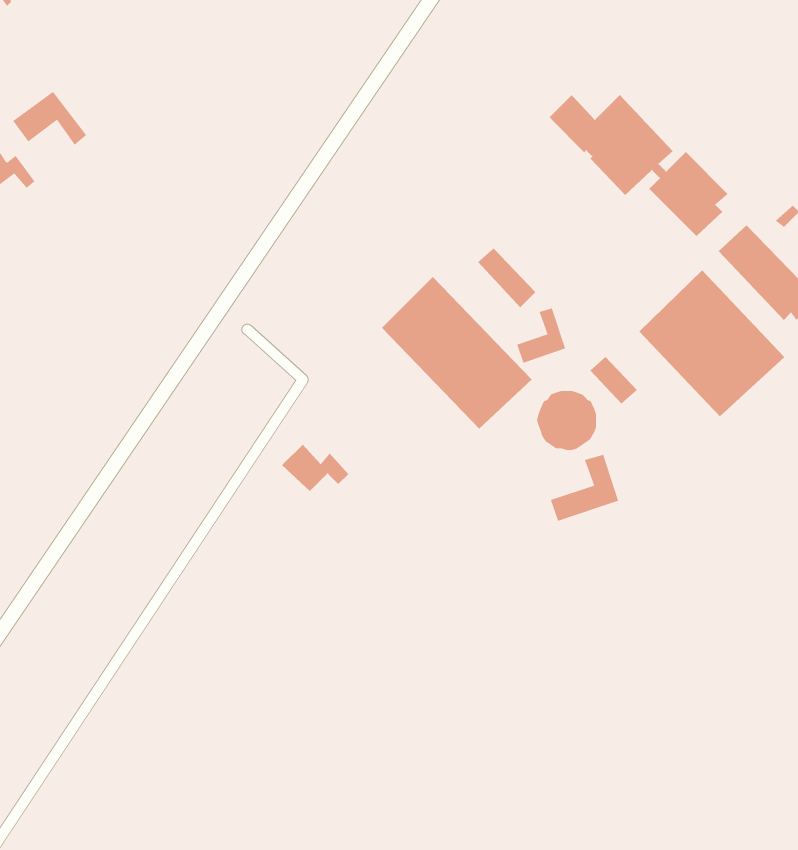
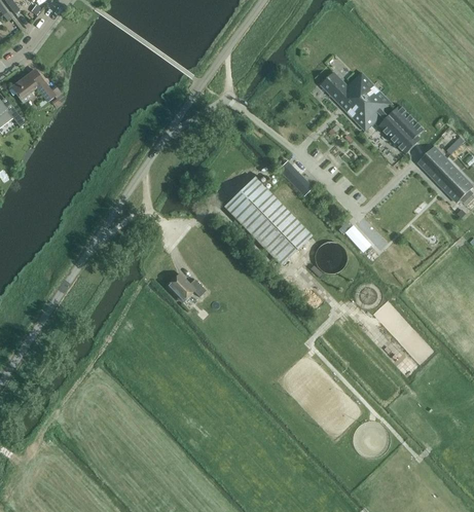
building: [639,270,785,417] -> none
building: [516,308,566,364] -> none
building: [550,454,619,522] -> none

